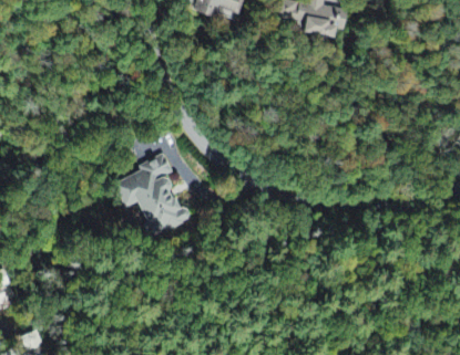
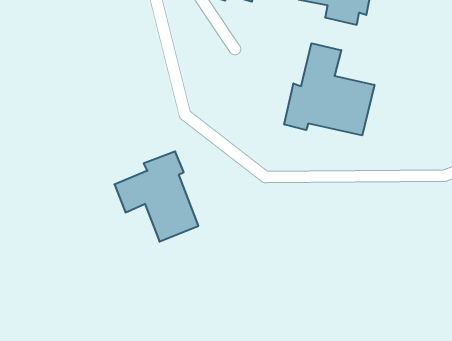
building: none -> [284,43,374,135]

